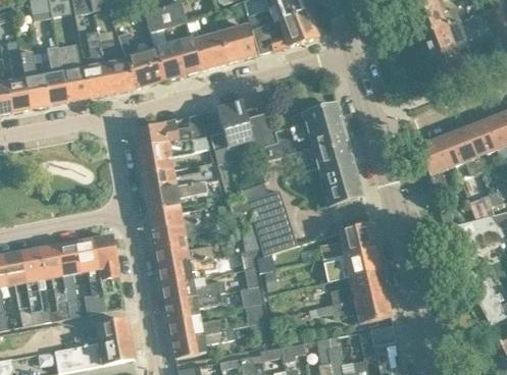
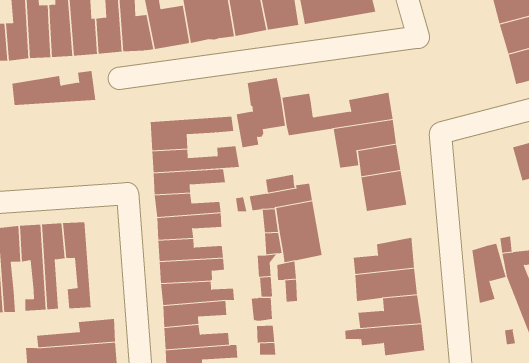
building: [135,113,207,150] -> [12,70,96,106]
building: [424,138,456,190] -> [472,243,506,303]
building: [94,235,119,311] -> none

